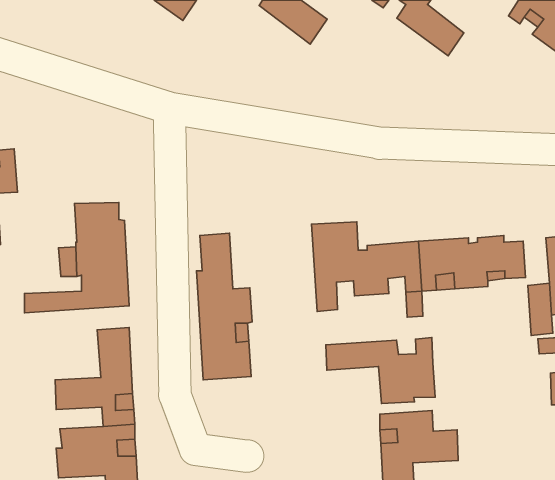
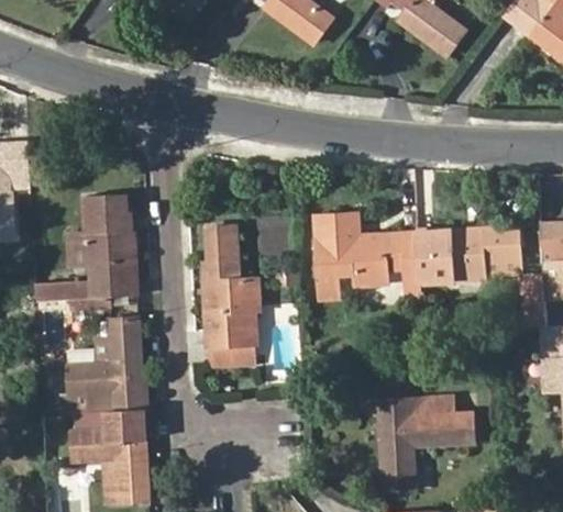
building: [326,338,435,404] -> none

